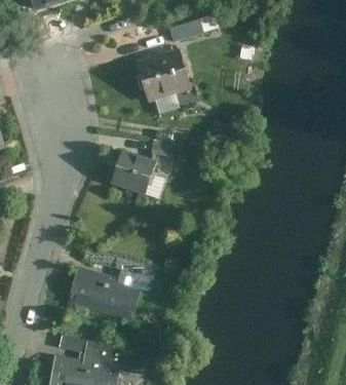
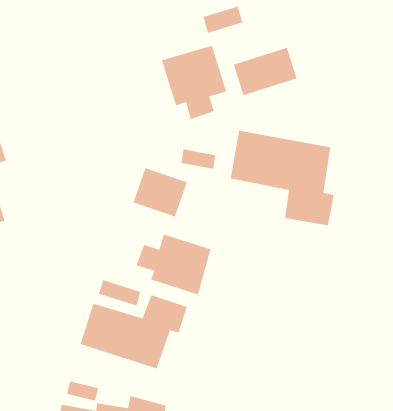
building: none -> [233,47,298,96]
building: none -> [230,130,334,226]
building: none -> [136,233,212,295]

